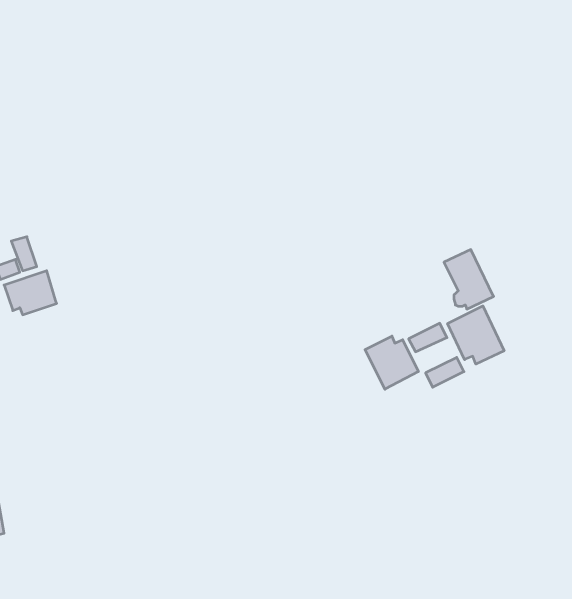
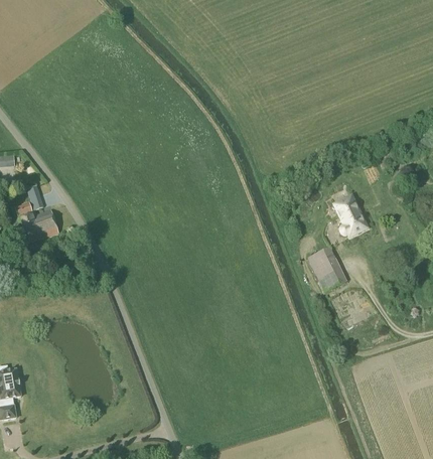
building: [448,306,504,364] -> none
building: [365,336,418,389] -> none

